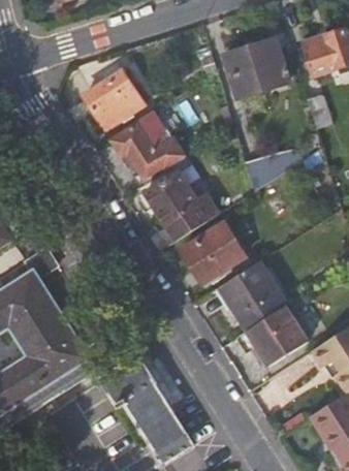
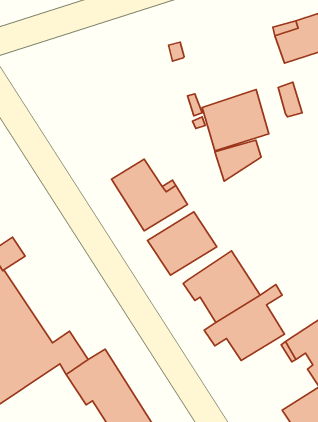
building: [223,39,288,99] -> [202,89,269,151]
building: [82,68,145,129] -> none
building: [108,108,183,179] -> none

